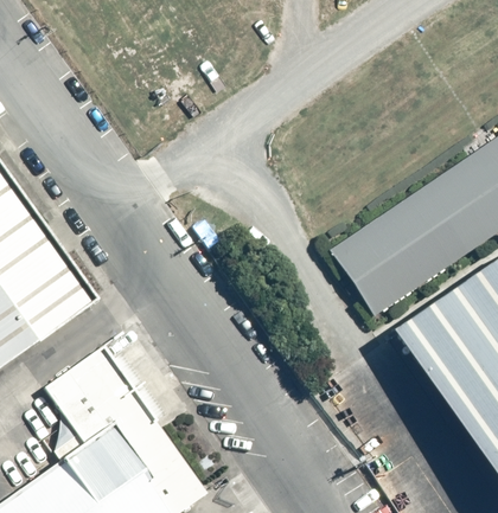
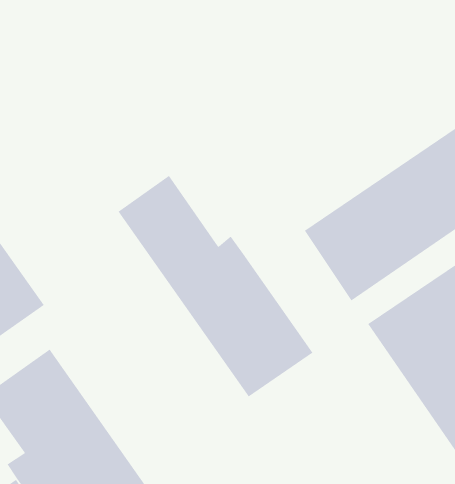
building: none -> [117,175,314,398]

